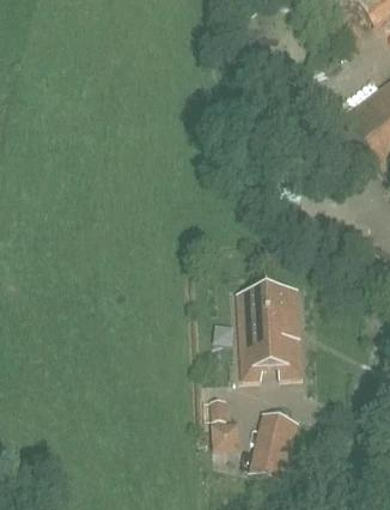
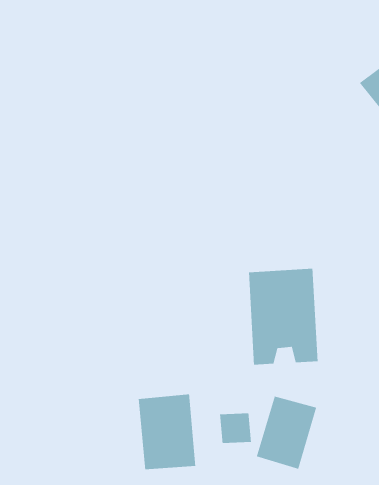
building: none -> [138,393,196,470]

